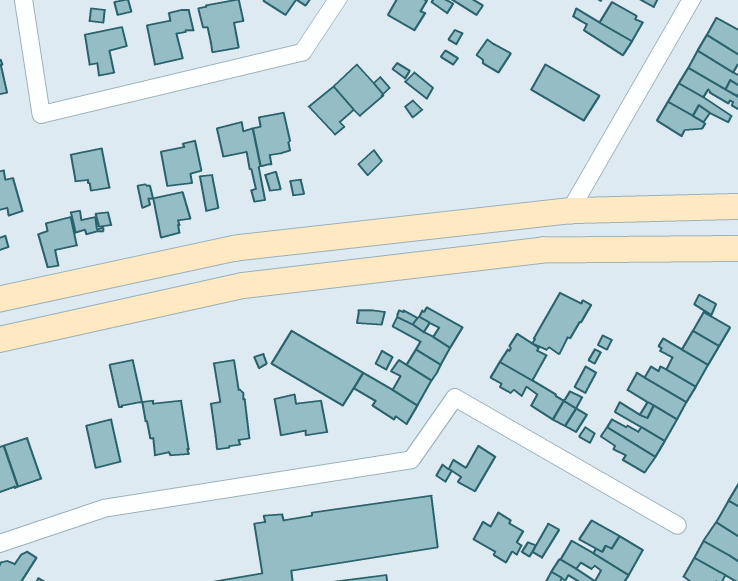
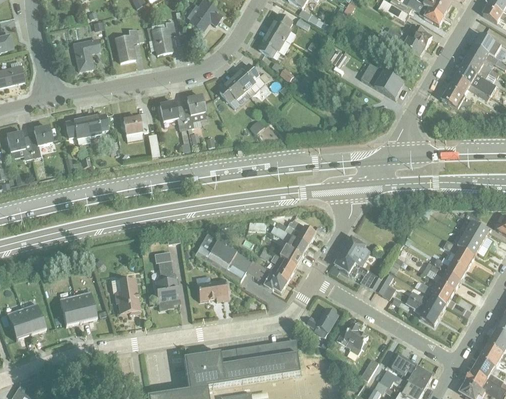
building: none -> [257,30,290,57]
building: [153,192,190,237] -> [84,112,108,141]
building: [38,217,77,267] -> [27,124,52,156]
building: [532,293,591,354] -> none
building: [110,360,142,407] -> [59,294,80,324]
building: [473,513,523,562] -> [336,322,368,354]

